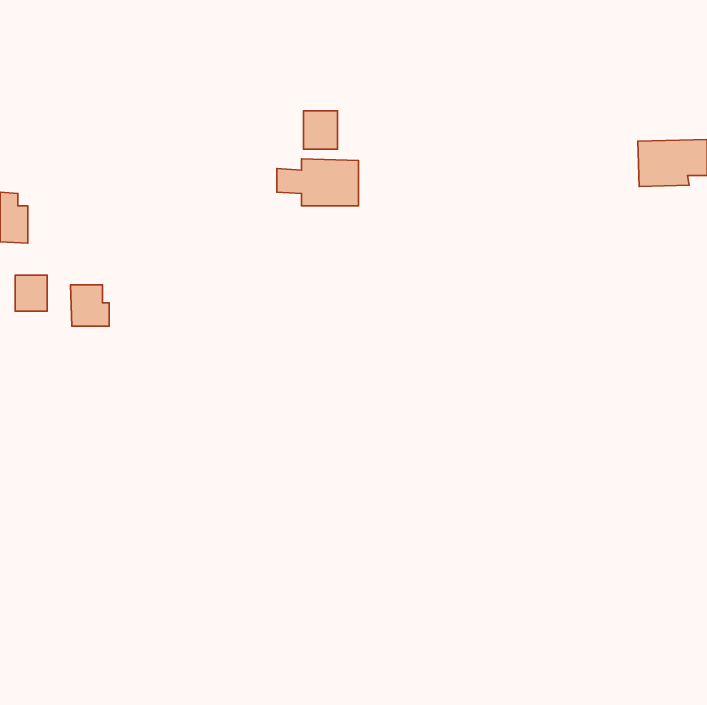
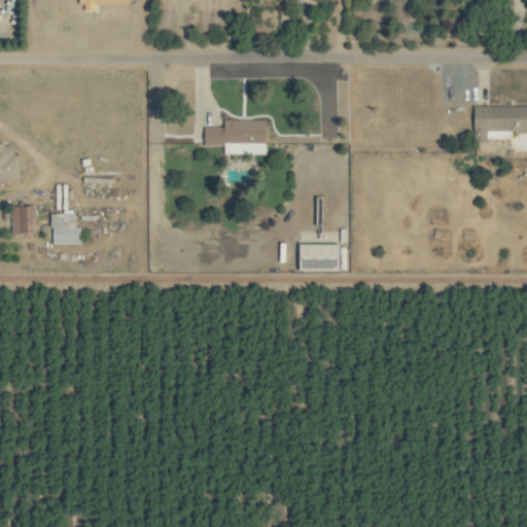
building: [303,111,337,149] -> none
building: none -> [298,243,341,270]

